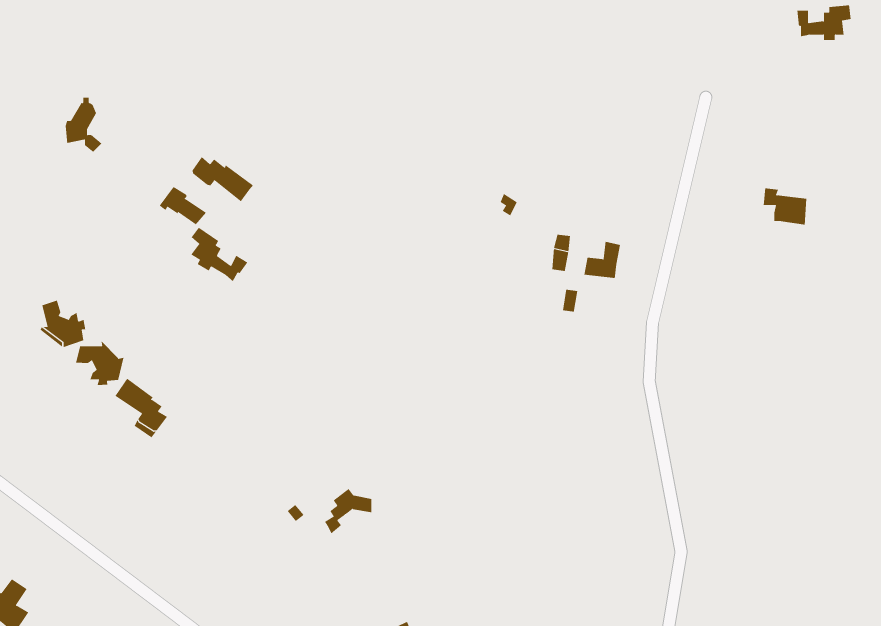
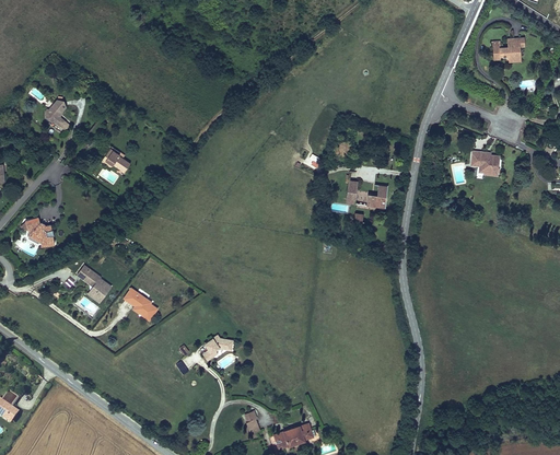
building: [192,156,254,202] -> none
building: [191,227,248,282] -> none
building: [76,340,124,386] -> none
building: none -> [124,287,161,320]

